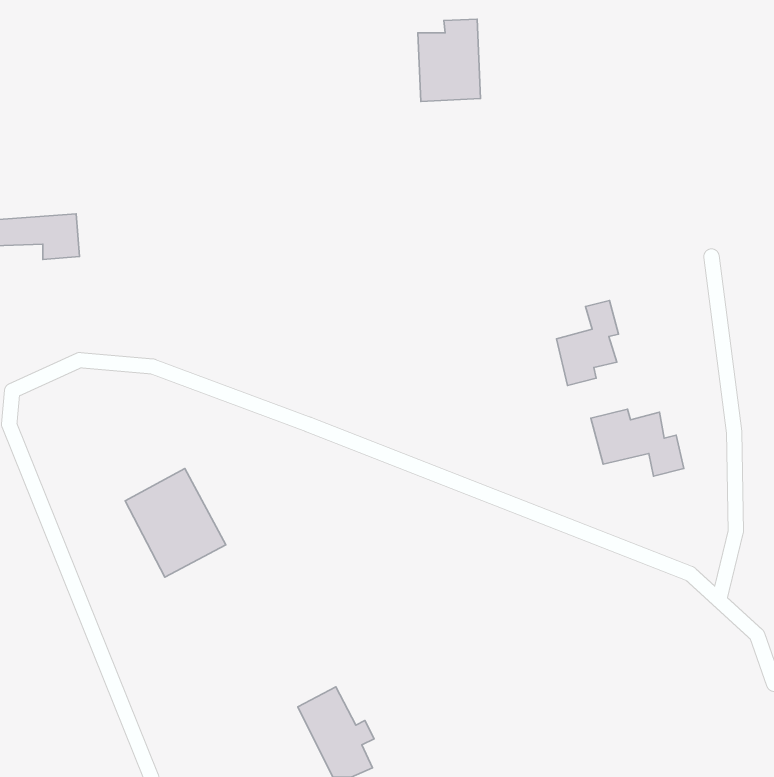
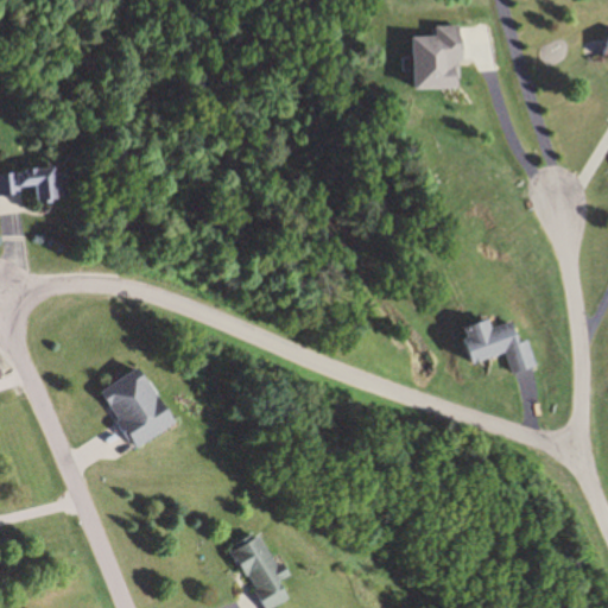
building: [418,19,480,102] -> [412,24,461,88]
building: [557,301,619,386] -> none

